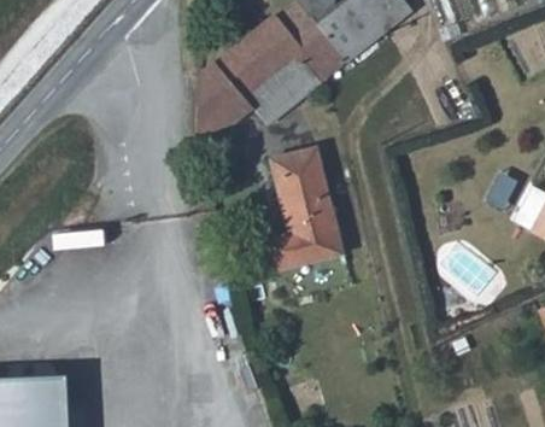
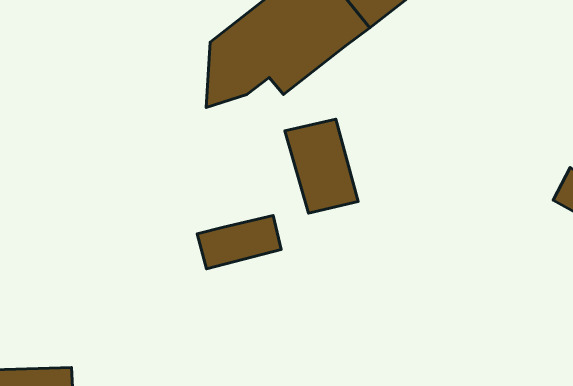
building: [265,222,342,271] -> [197,215,281,269]

